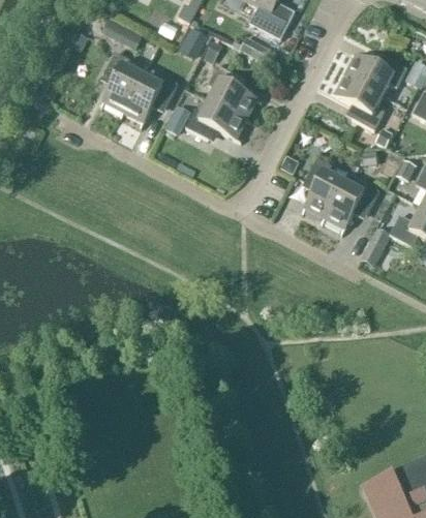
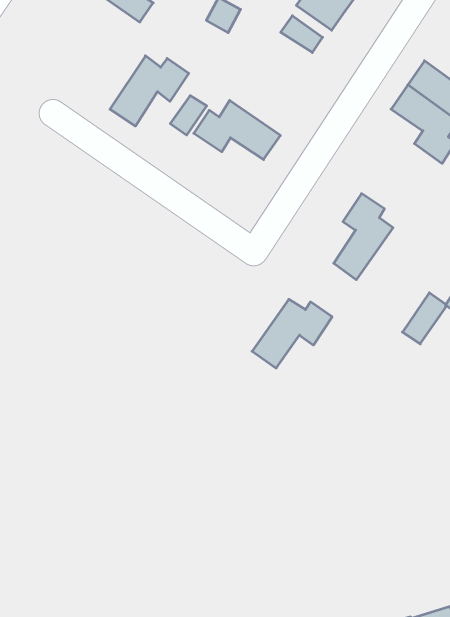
building: [100,51,142,117] -> none
building: [208,66,261,121] -> none
building: [321,180,377,233] -> [252,299,332,368]

